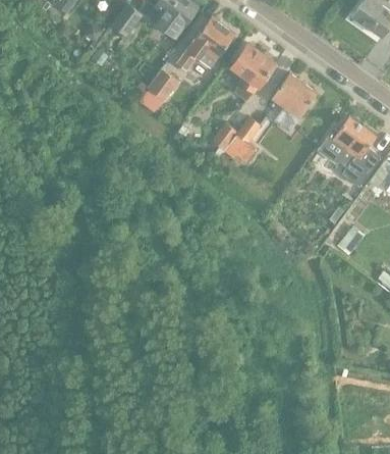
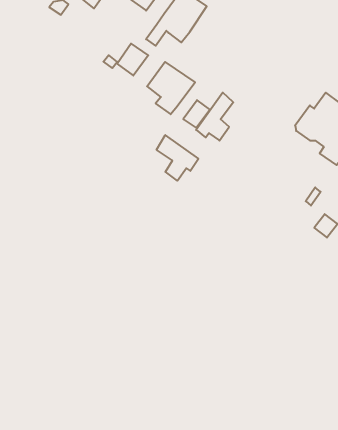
building: [230,44,276,94] -> [147,62,195,114]
building: [271,72,317,131] -> none
building: none -> [157,135,198,181]

